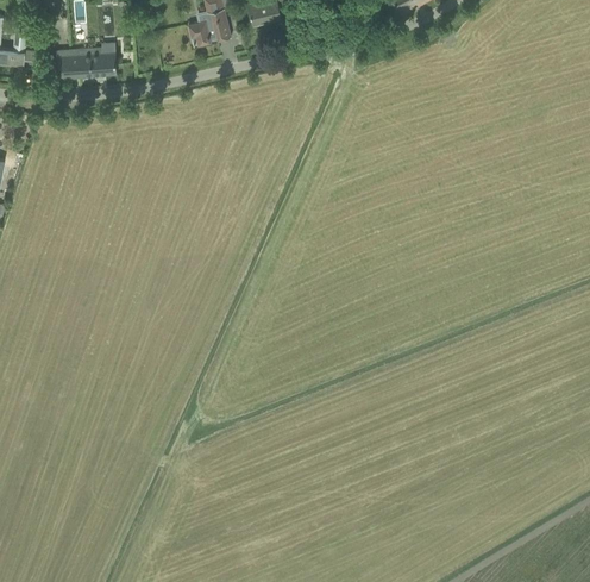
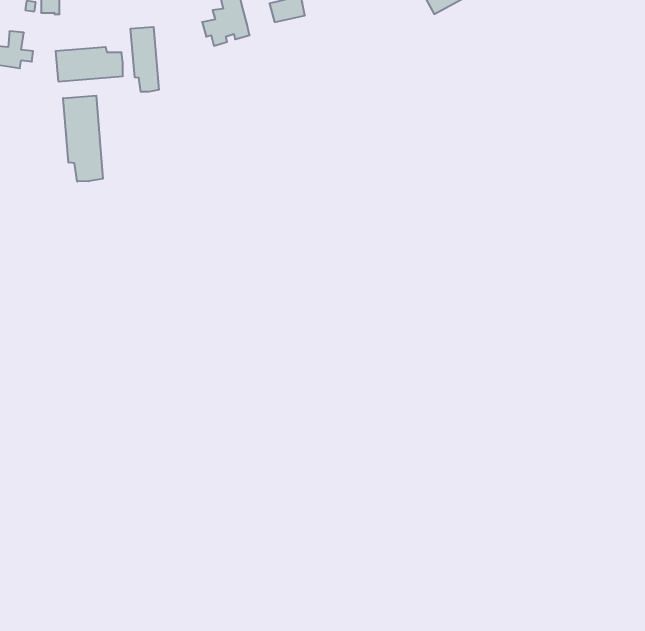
building: none -> [131,27,159,92]
building: none -> [63,96,103,182]

